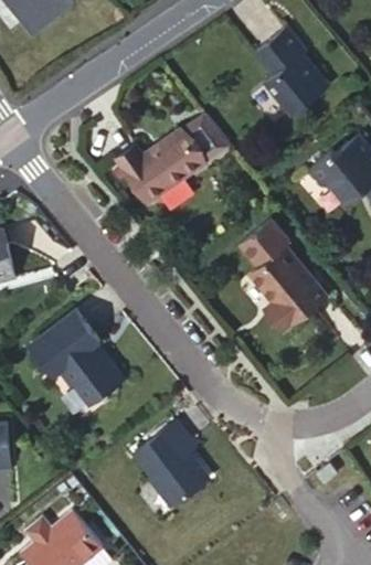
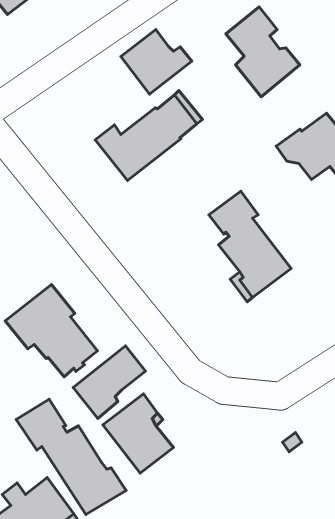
building: none -> [121,29,192,94]
building: none -> [73,346,146,418]
building: none -> [16,399,126,514]

